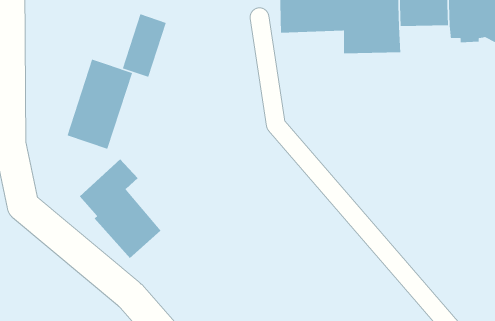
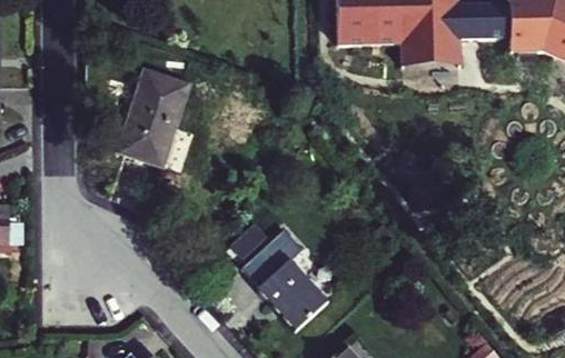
building: [122,13,167,78] -> none
building: [79,159,161,259] -> [241,229,326,331]

